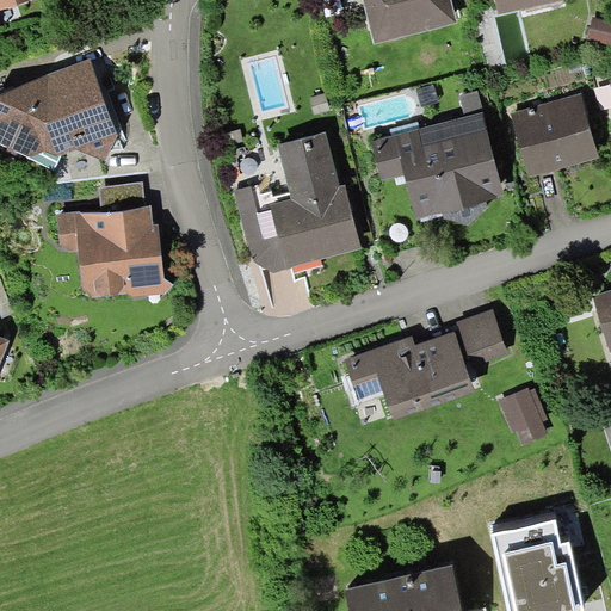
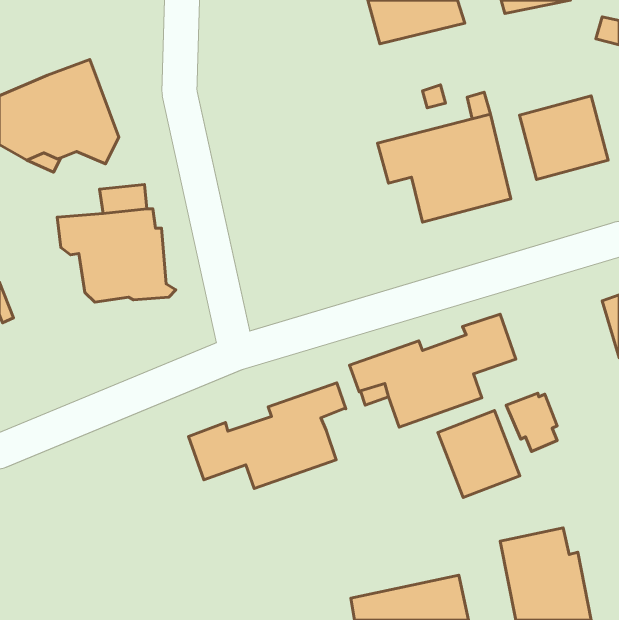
building: [233,131,360,272] -> none
building: none -> [189,383,346,488]
building: none -> [438,411,520,497]

